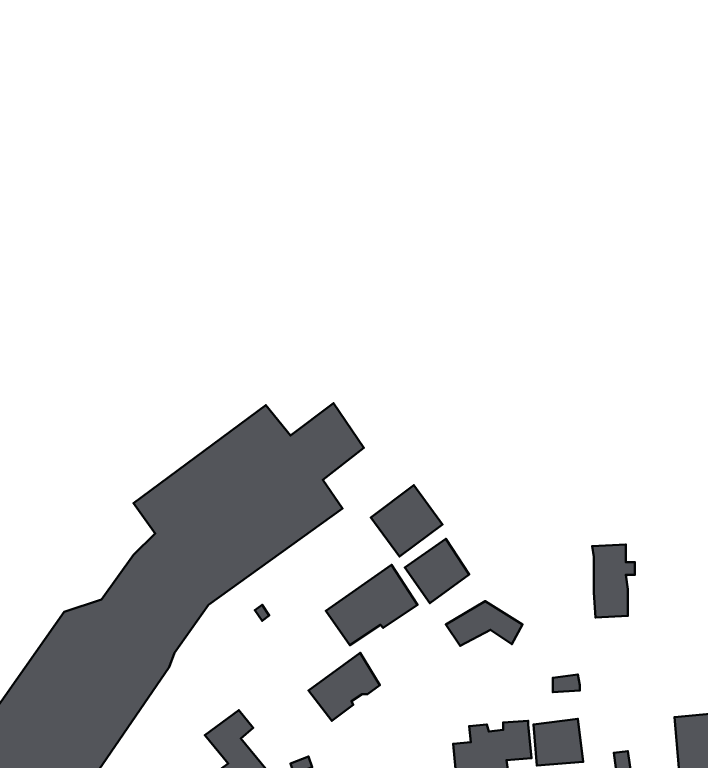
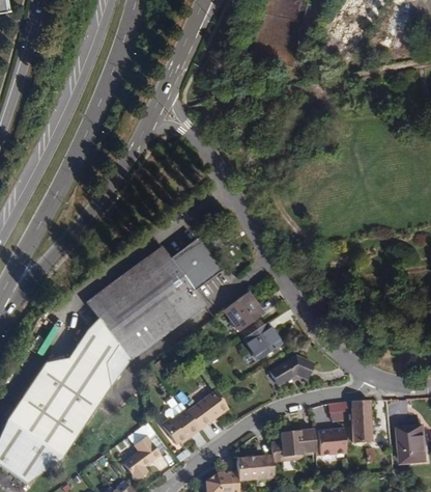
building: [592,544,635,618] -> [350,399,375,441]
building: [326,565,417,645] -> none
building: none -> [163,402,200,443]

